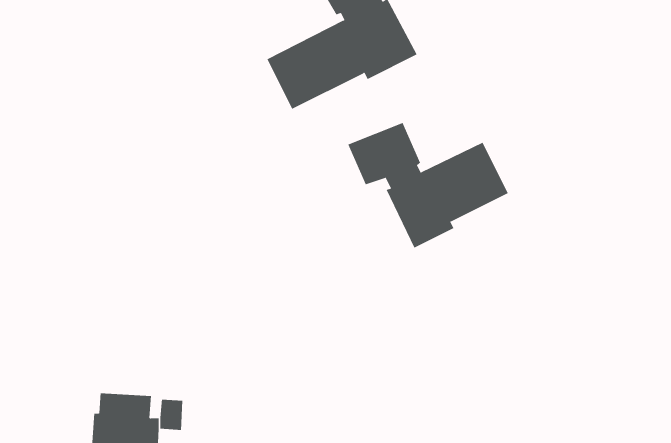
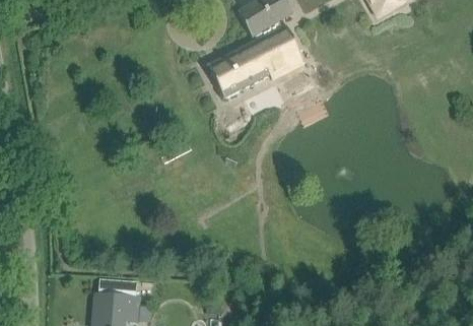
building: [348,122,509,249] -> none

